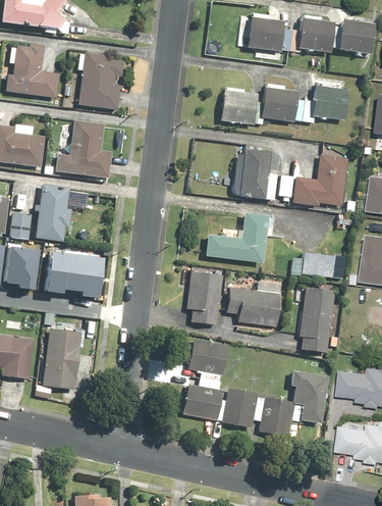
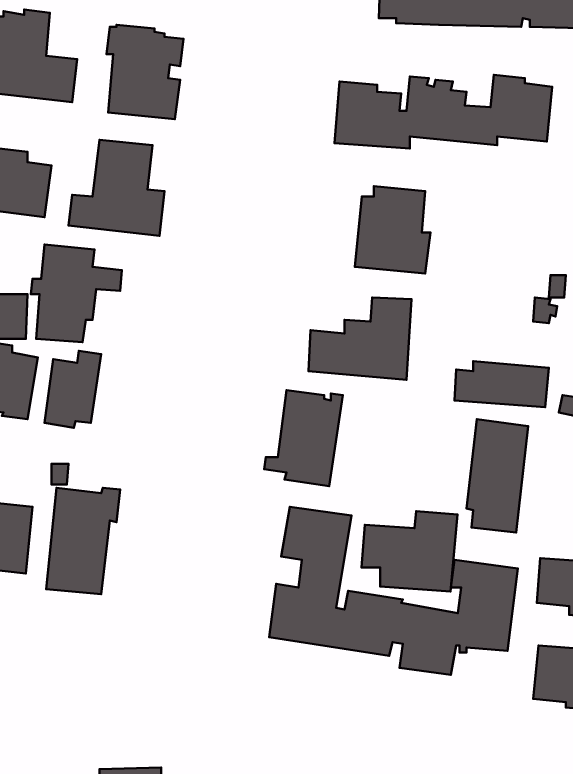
building: [275,154,347,207] -> none
building: [71,248,104,297] -> none
building: [222,280,279,327] -> [361,511,457,592]

